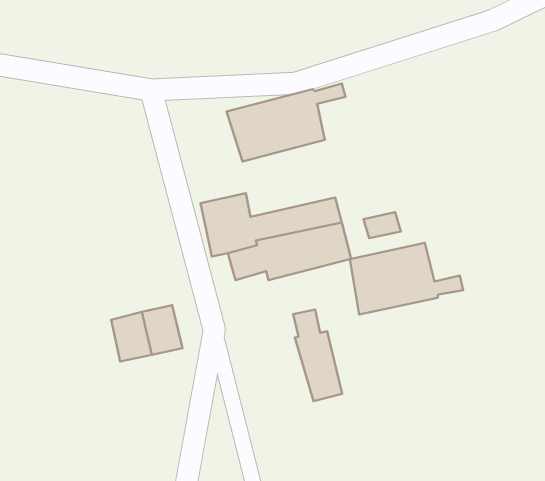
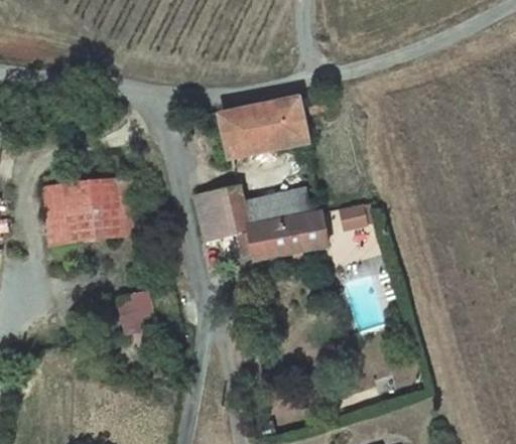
building: none -> [42,181,130,242]
building: [350,243,463,315] -> none
building: [293,309,342,401] -> none

